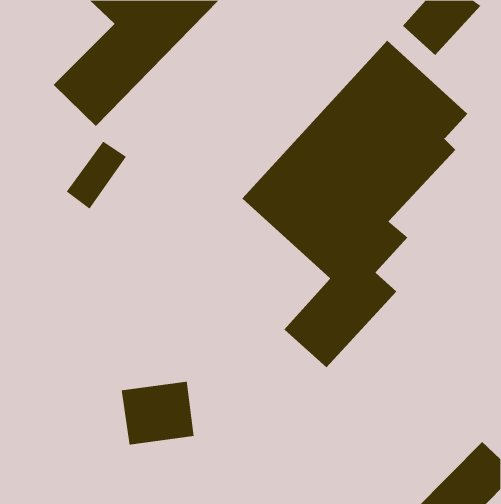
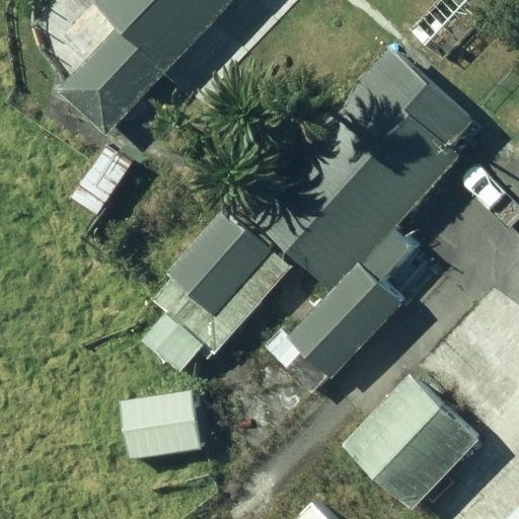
building: none -> [145,210,292,374]
building: none -> [346,374,479,508]

